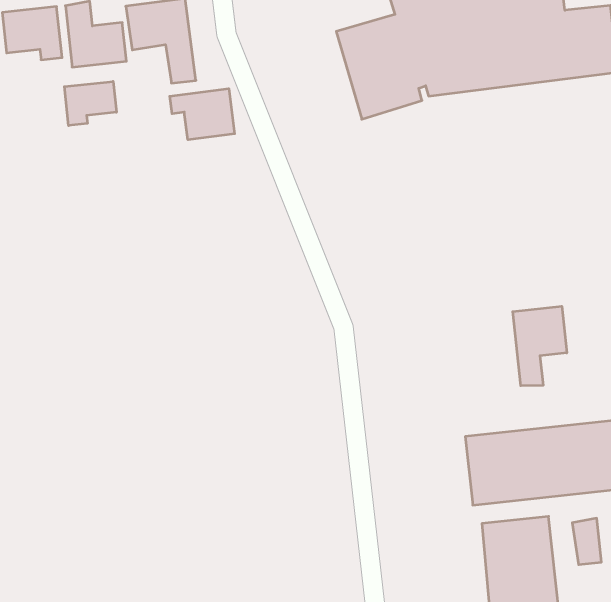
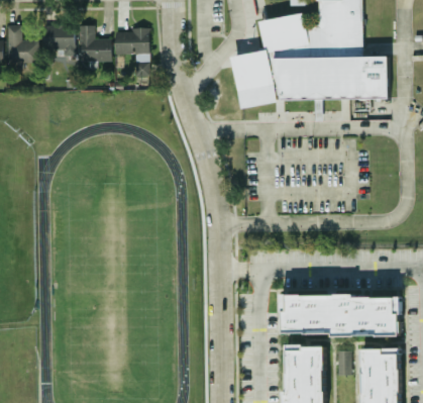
building: [64,81,116,126] -> none
building: [170,89,235,140] -> none
building: [513,306,567,386] -> none

